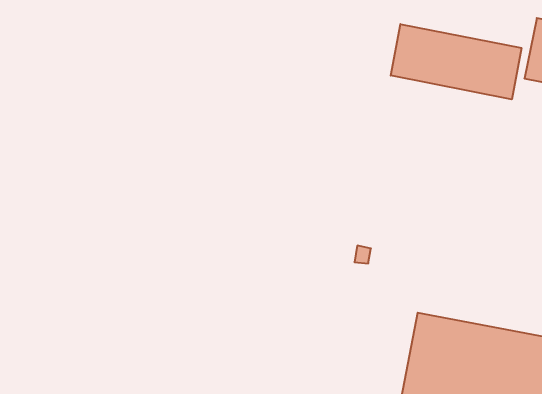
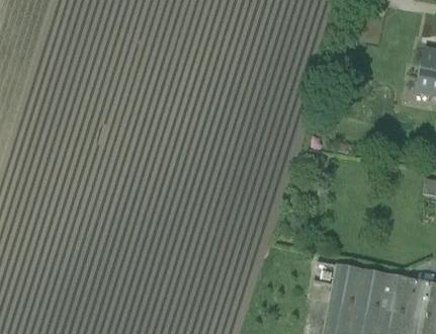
building: [391,24,521,99] -> none

